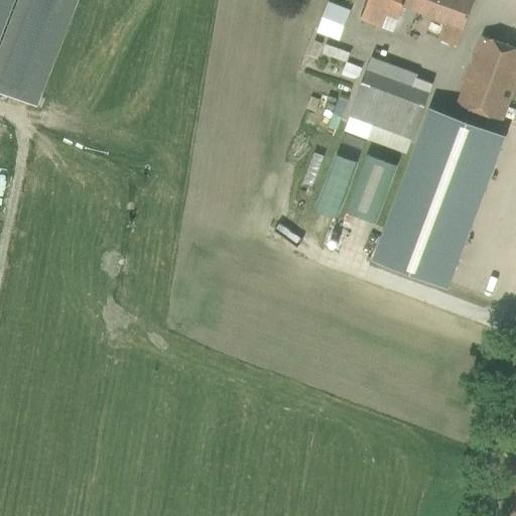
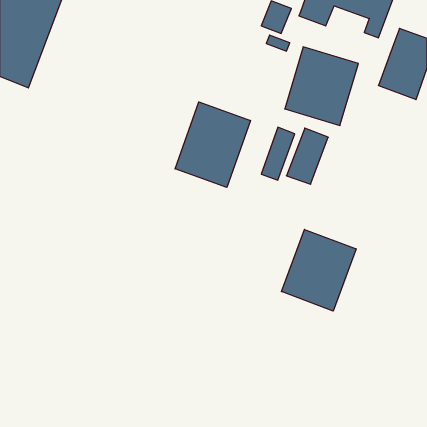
building: [375,107,508,288] -> none
building: none -> [175,102,250,187]
building: none -> [281,229,356,311]

